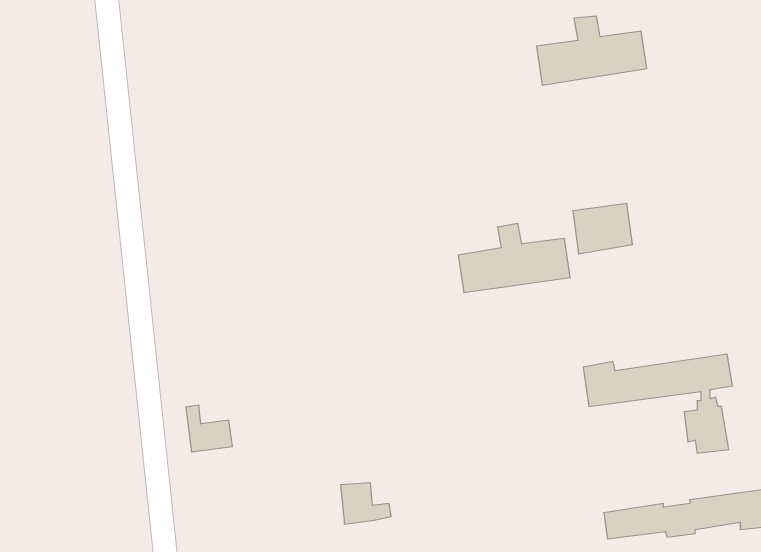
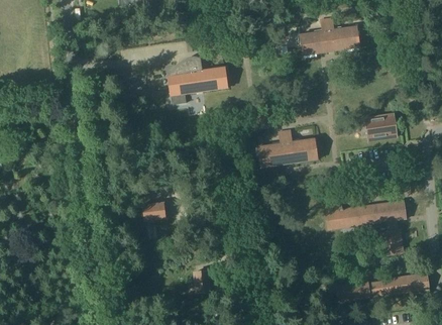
building: none -> [167,59,227,96]
building: [573,203,633,254] -> [363,114,396,141]
building: [186,405,232,452] -> [140,195,165,220]

